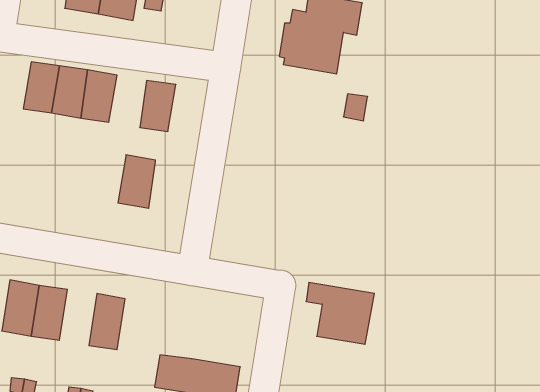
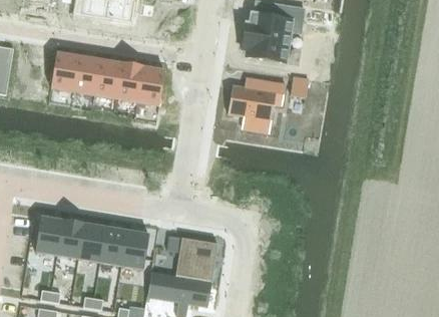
building: none -> [228,75,285,122]
building: [118,155,155,208] -> [114,61,142,101]
building: [306,283,374,344] -> [168,235,220,281]
building: none -> [77,223,105,265]
building: none -> [120,230,148,272]

